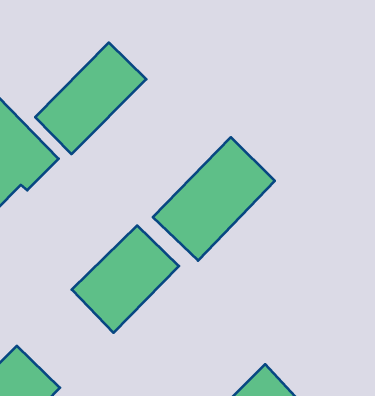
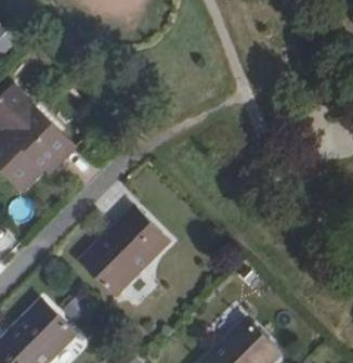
building: [35,43,146,154] -> none
building: [153,137,275,261] -> none

